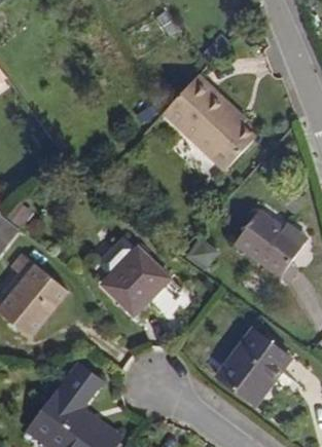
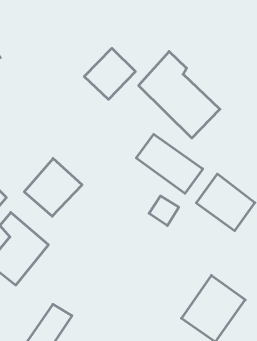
building: none -> [84,48,135,99]
building: none -> [136,134,203,193]
building: [104,253,172,321] -> [24,158,82,216]

